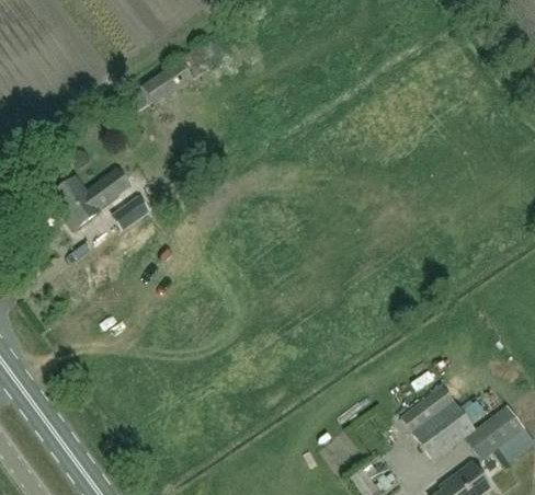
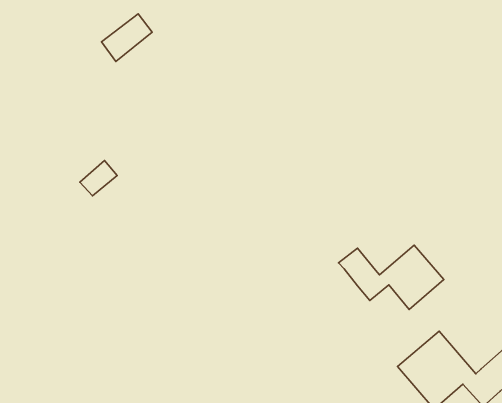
building: [49,169,129,229] -> none
building: none -> [339,245,444,309]

